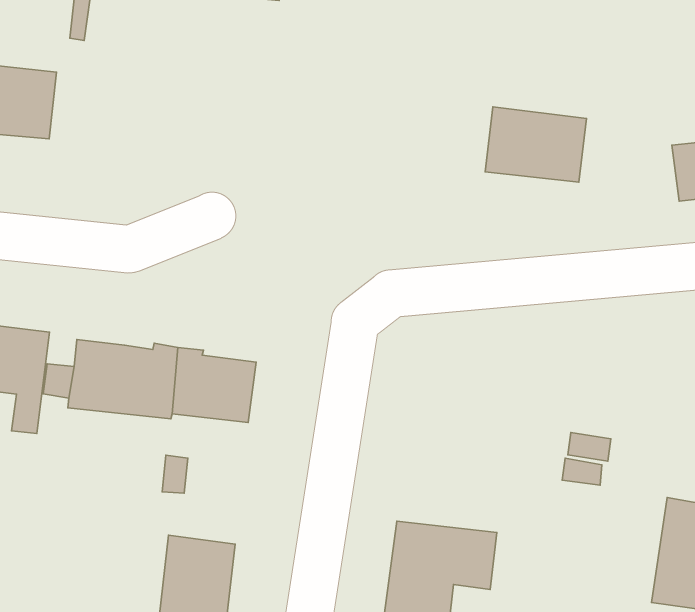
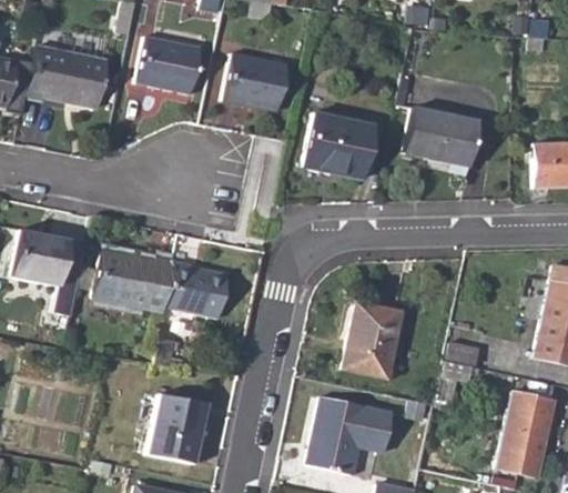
building: none -> [138,37,203,92]
building: none -> [225,53,291,110]
building: none -> [301,111,373,180]
building: none -> [341,306,399,375]

